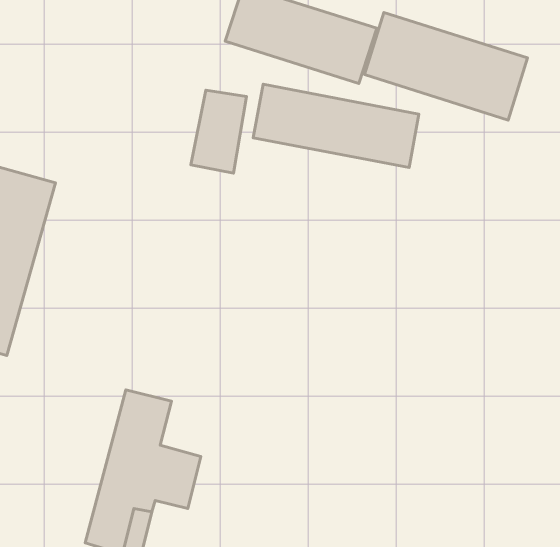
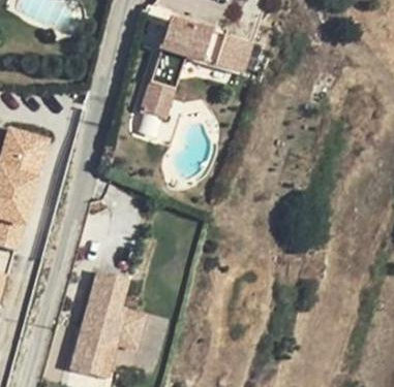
building: [365,12,528,120] -> none
building: [253,84,419,168] -> none

